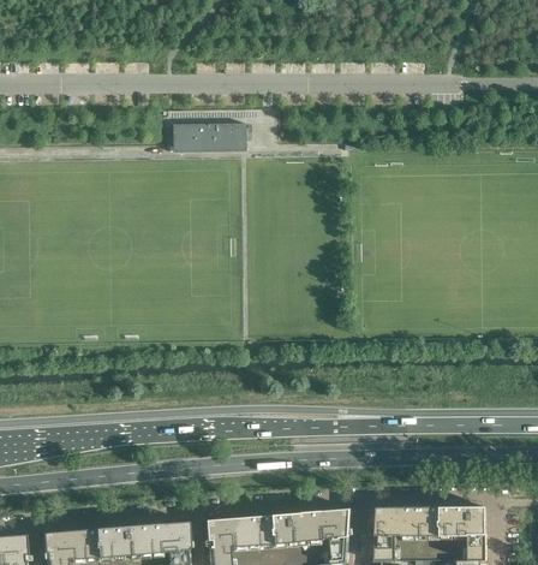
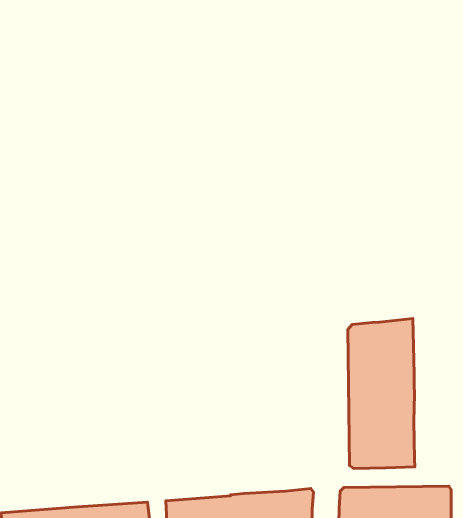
building: [173,125,246,154] -> none
building: none -> [348,318,415,468]

